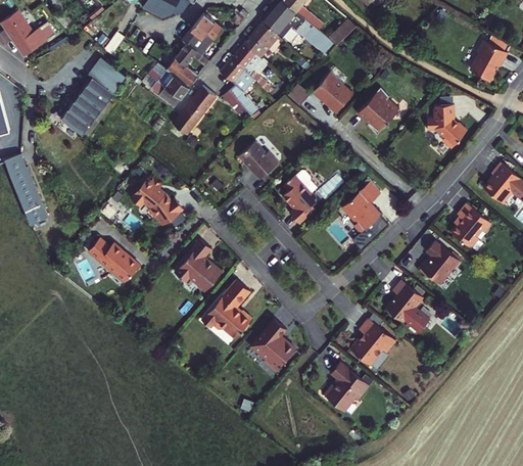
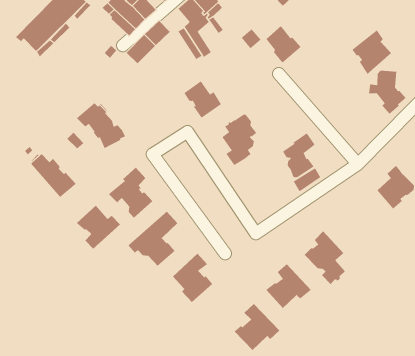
building: [359,87,400,135] -> [351,29,392,75]
building: [417,241,459,285] -> none
building: none -> [76,205,121,249]

